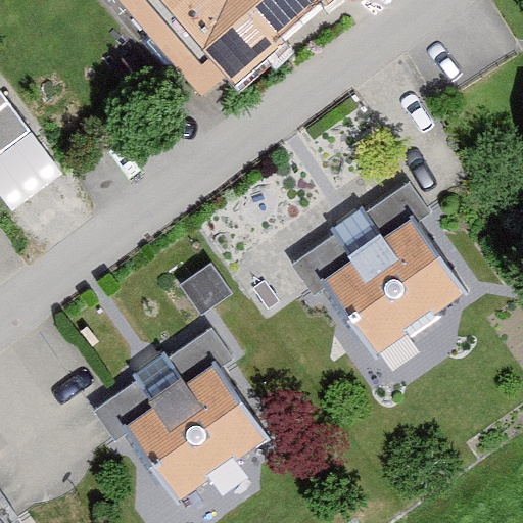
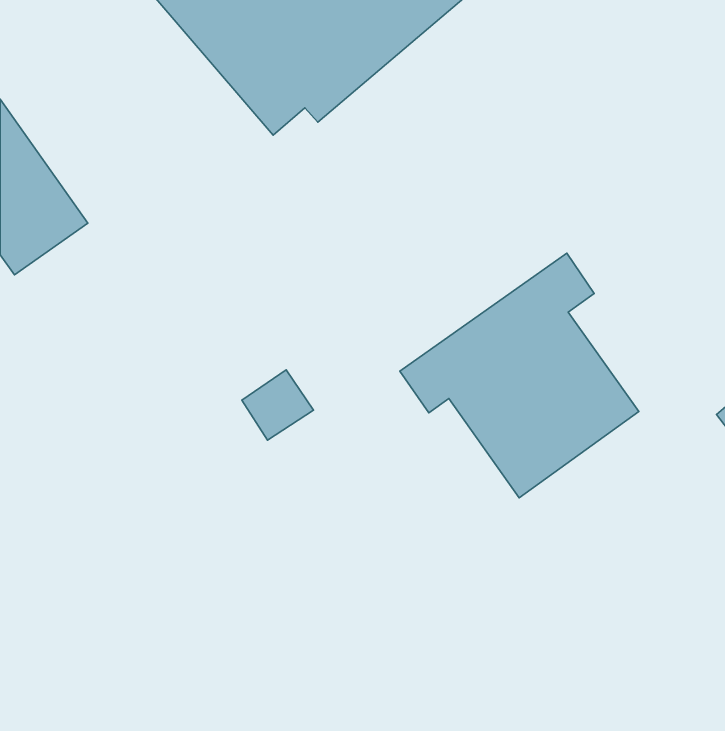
building: [92,326,263,500] -> none

